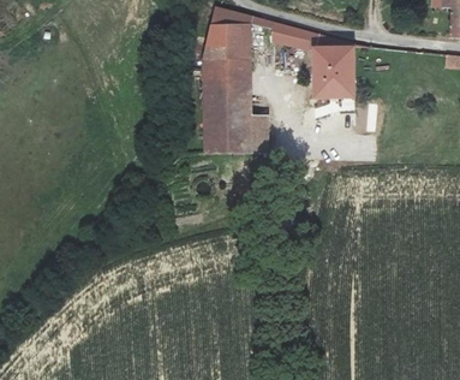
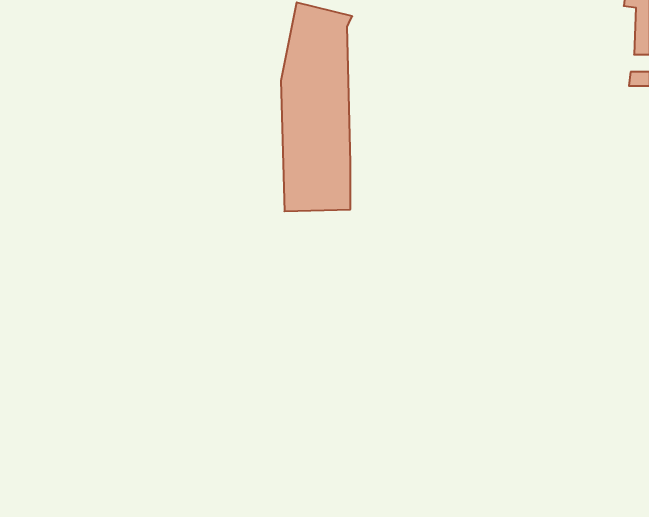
building: [250,17,356,97] -> none
building: [251,118,268,150] -> none

